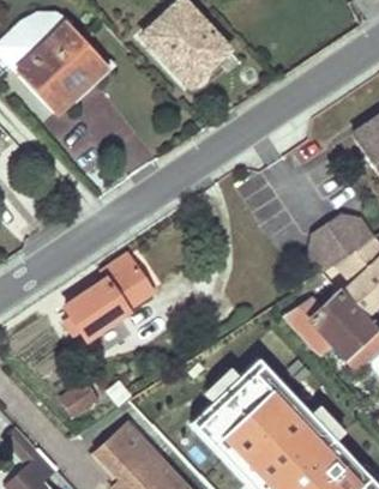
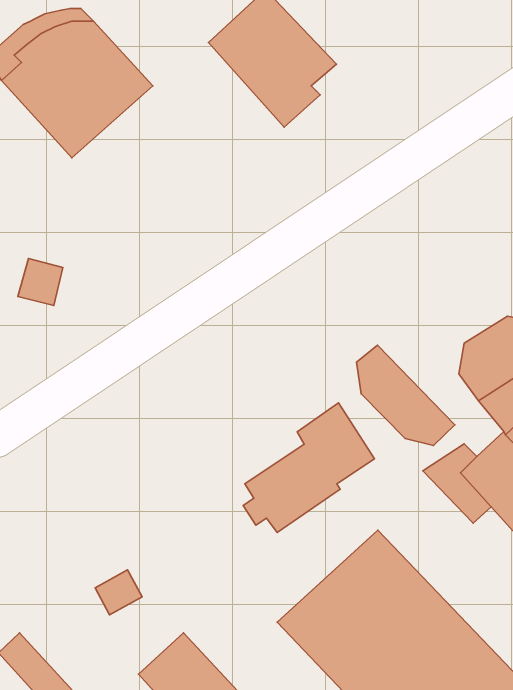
building: none -> [356,345,455,445]
building: [67,253,155,339] -> [243,403,374,532]

